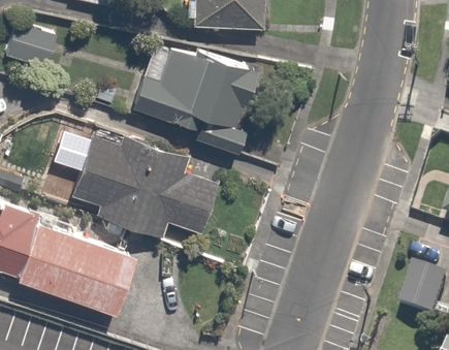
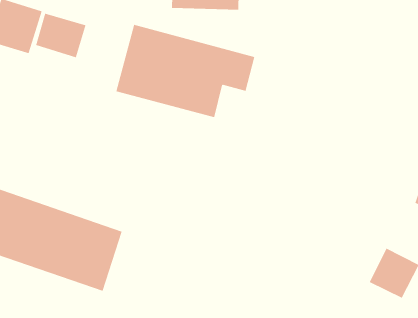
building: none -> [36,13,86,58]
building: [74,131,217,236] -> none

